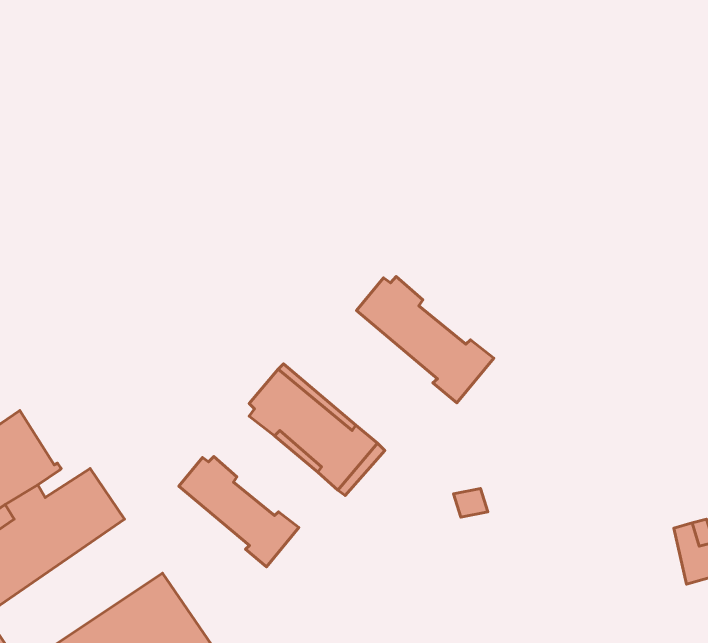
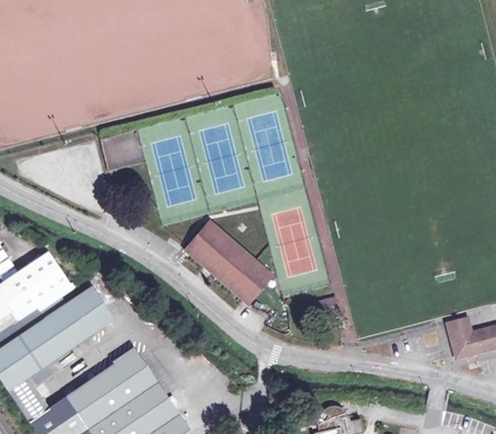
building: [356,277,494,403] -> none
building: [179,456,299,567] -> none

